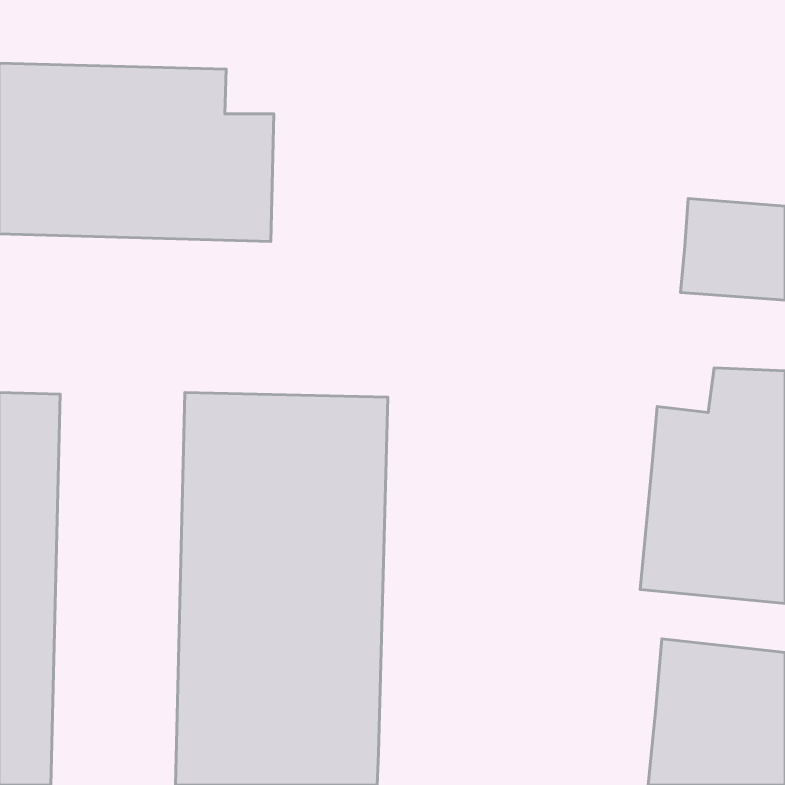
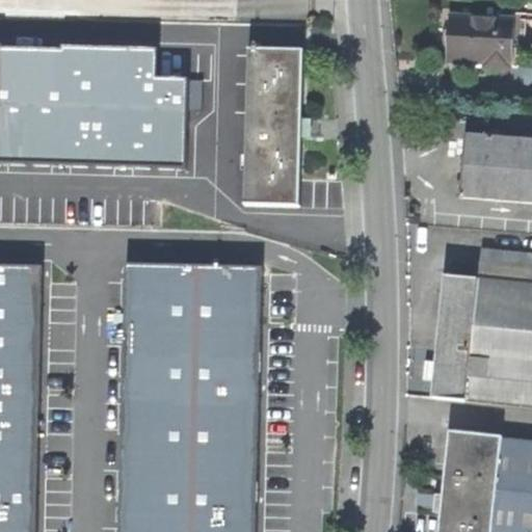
building: none -> [449,11,524,68]
building: none -> [246,48,303,205]

